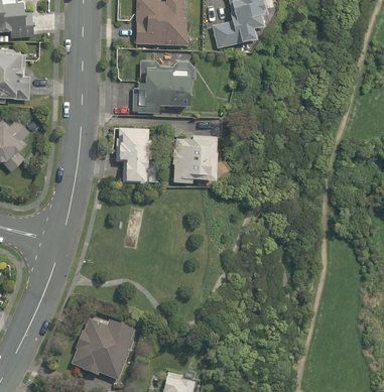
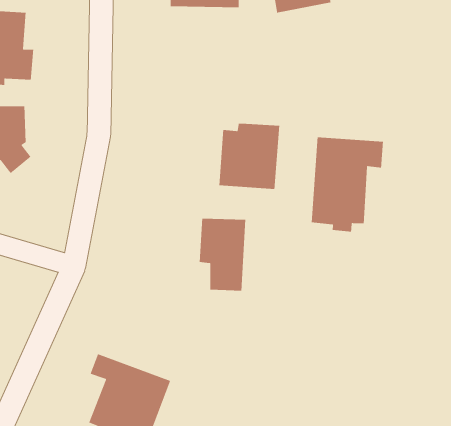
building: [130,62,194,114] -> none
building: [115,126,151,182] -> [199,218,246,291]
building: none -> [311,136,384,232]

